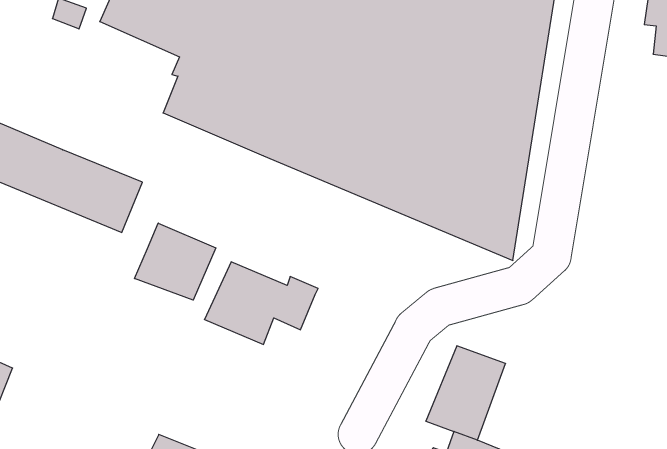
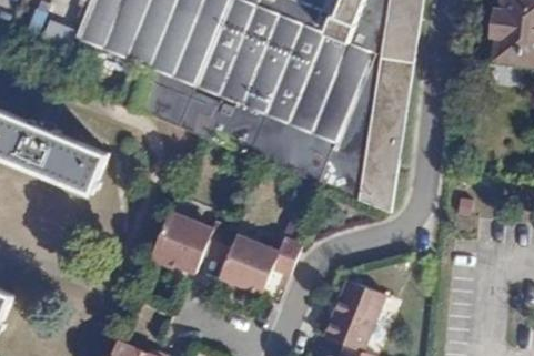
building: [135,223,216,300] -> none
building: none -> [222,238,304,299]

